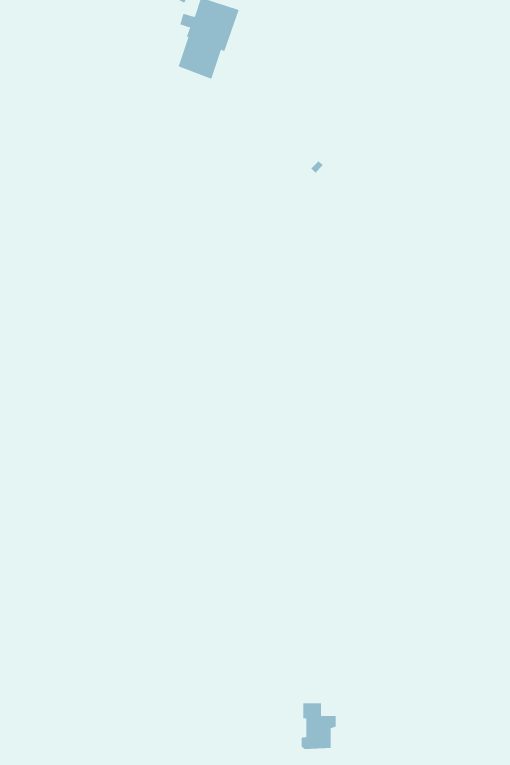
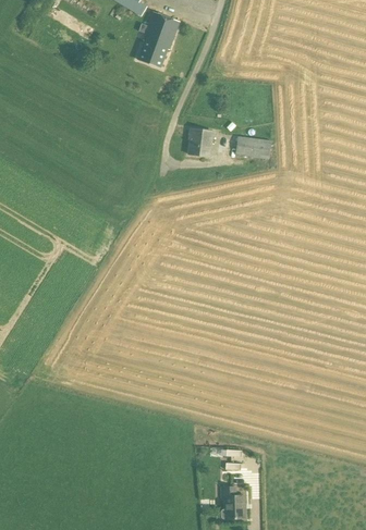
building: none -> [188,128,212,156]
building: none -> [235,136,271,159]

